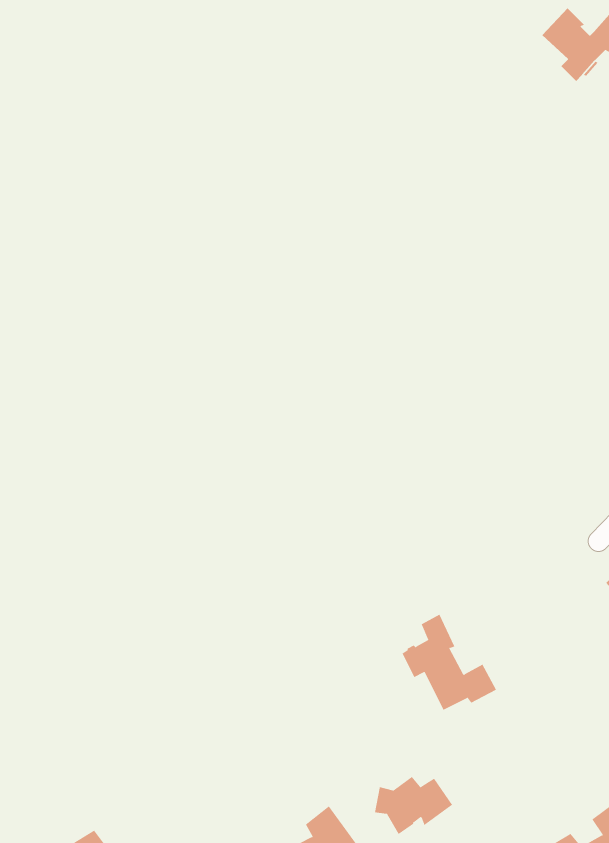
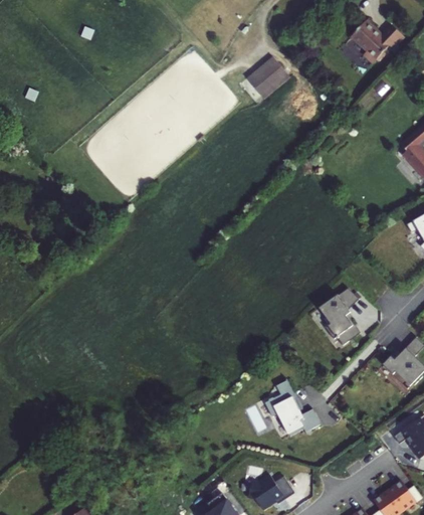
building: none -> [245,54,290,100]
building: none -> [320,287,360,343]

